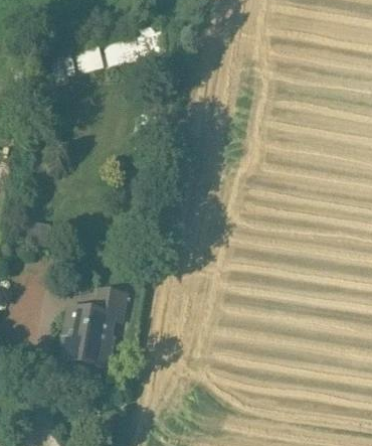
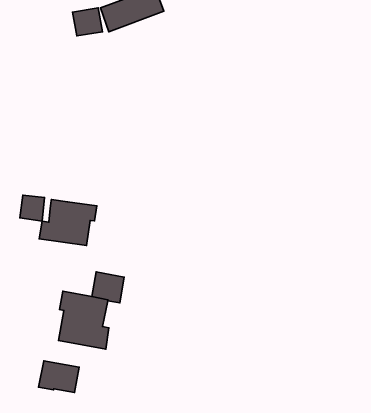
building: none -> [39,200,97,246]
building: none -> [39,361,79,392]

